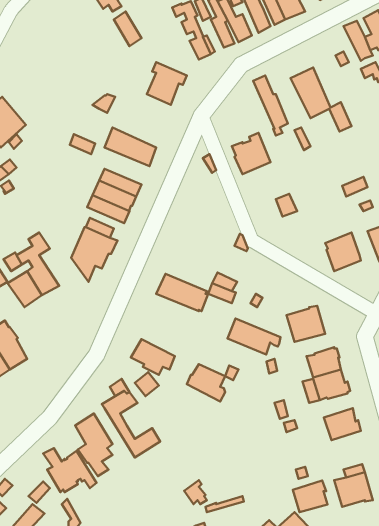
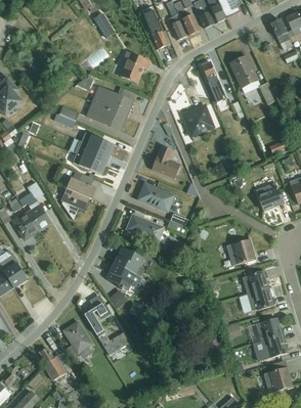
building: none -> [92,86,136,116]
building: none -> [152,144,180,178]
building: [227,319,281,354] -> [139,183,180,211]
building: [187,364,225,402] -> [115,247,144,276]
building: [293,480,328,512] -> [261,333,288,358]

